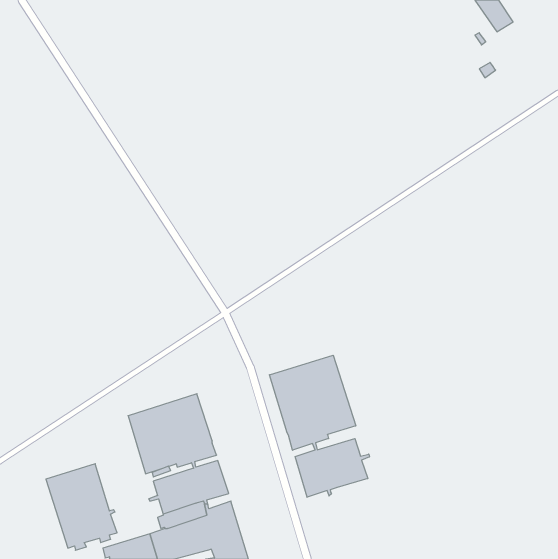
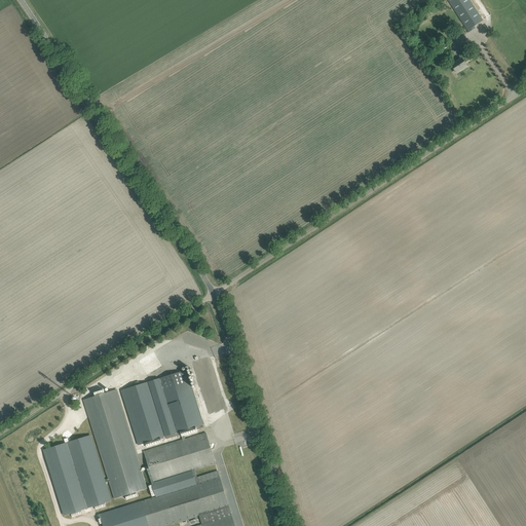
building: [269,355,369,497] -> none
building: none -> [82,388,146,499]

